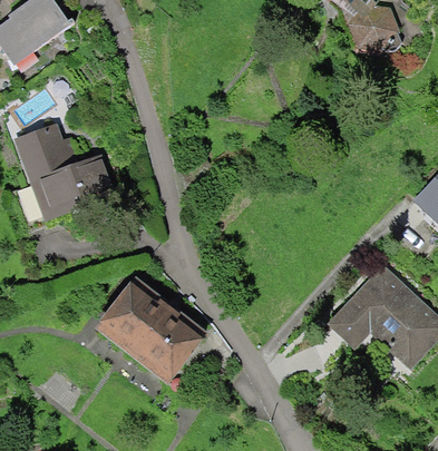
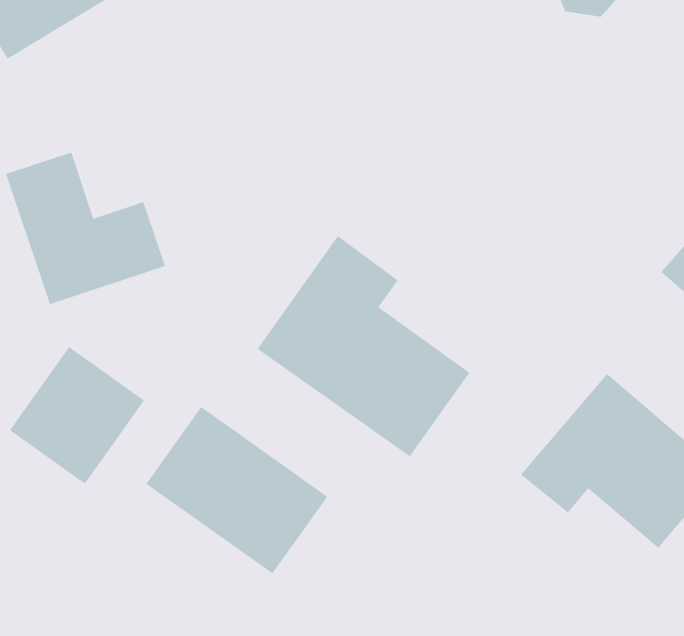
building: none -> [257,235,470,457]
building: none -> [9,346,145,485]

